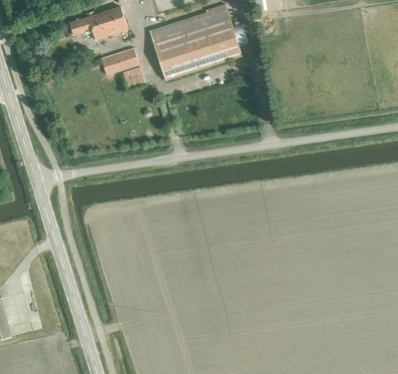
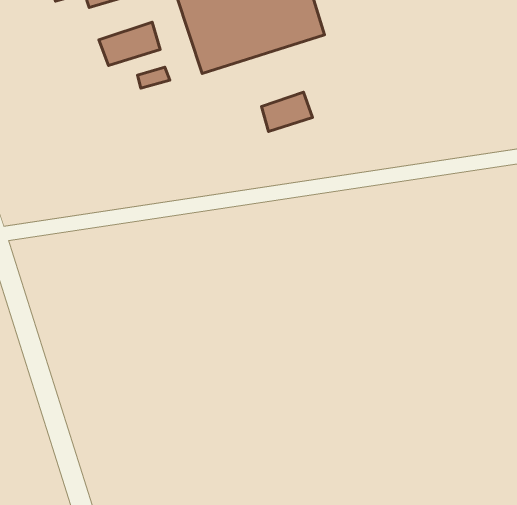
building: none -> [262,92,313,131]

